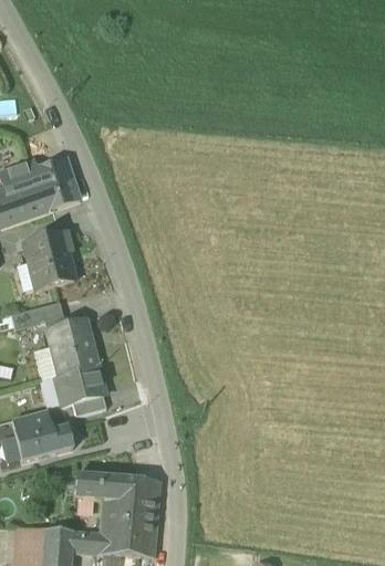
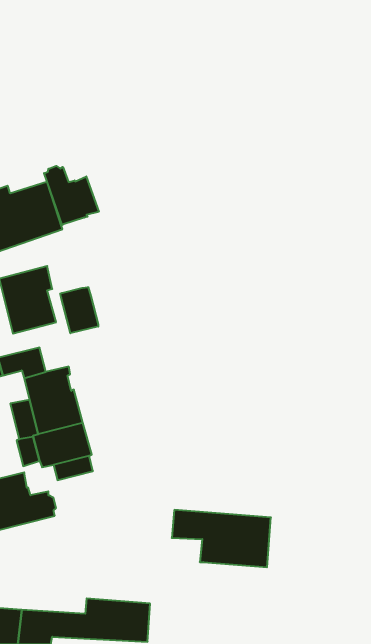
building: none -> [44,166,99,225]
building: none -> [60,287,98,333]
building: [73,474,159,524] -> [172,510,271,567]

